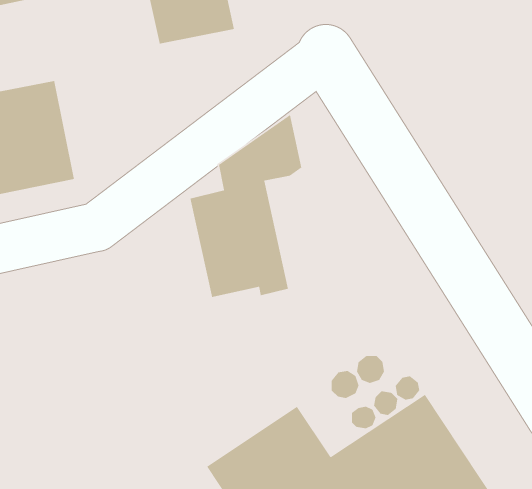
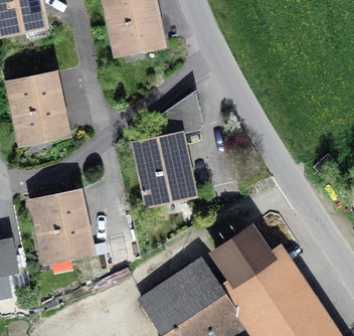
building: none -> [32,189,90,259]

